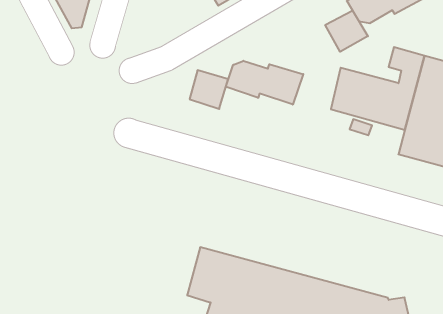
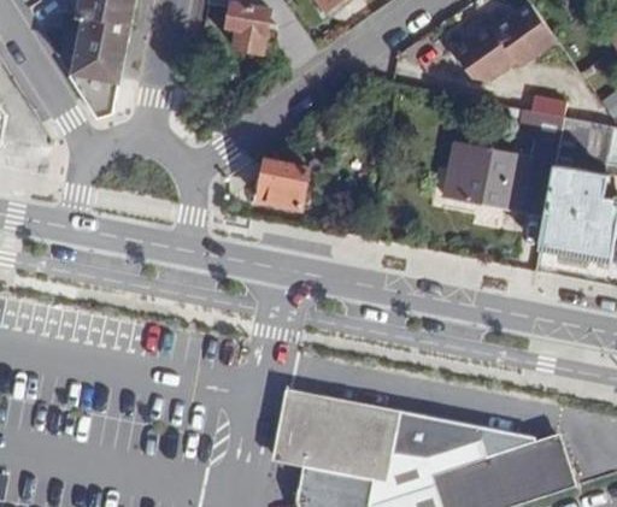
building: [325,11,368,52] -> none
building: [226,61,303,105] -> none

